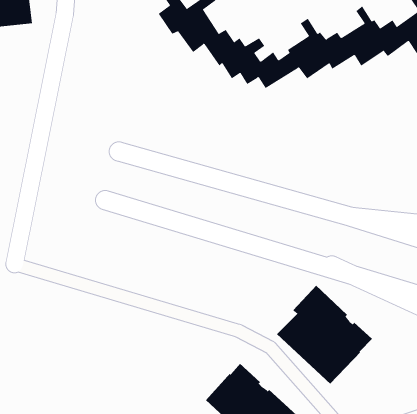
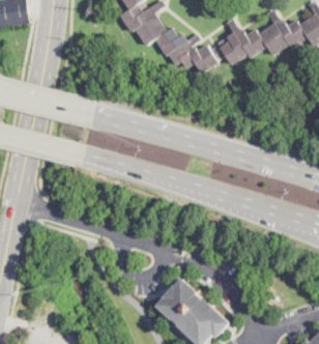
building: [276,285,373,384] -> none

